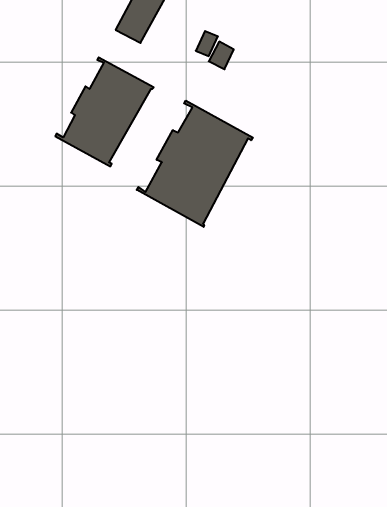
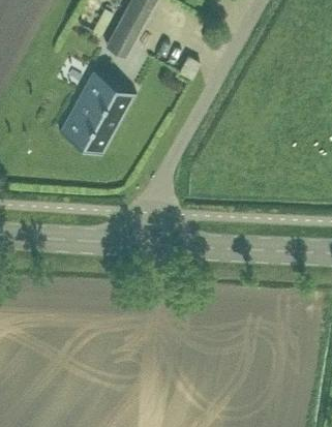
building: [137,101,253,227] -> none

